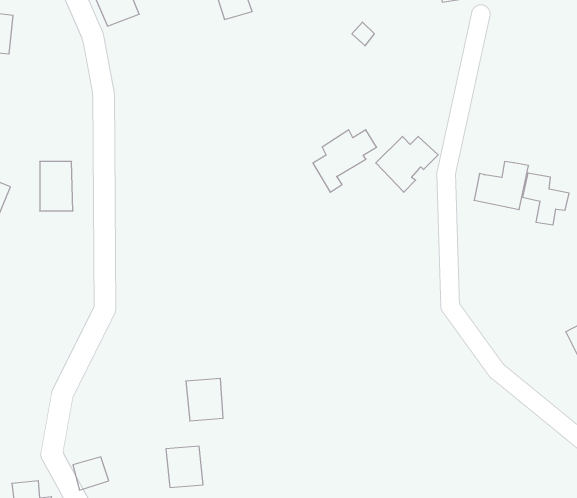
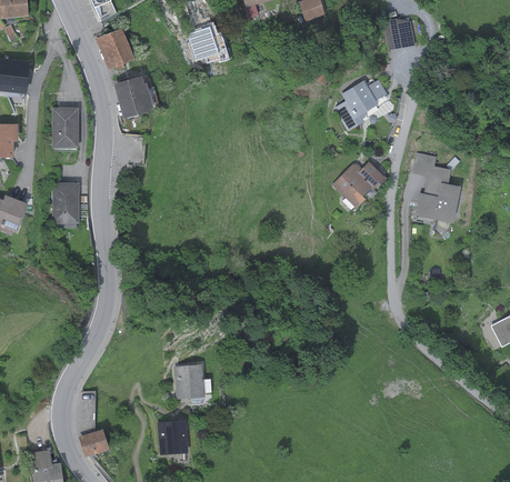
building: none -> [113,76,153,119]
building: none -> [51,108,78,149]
building: [313,130,377,192] -> [333,80,387,132]
building: [523,173,569,225] -> [412,153,451,197]

